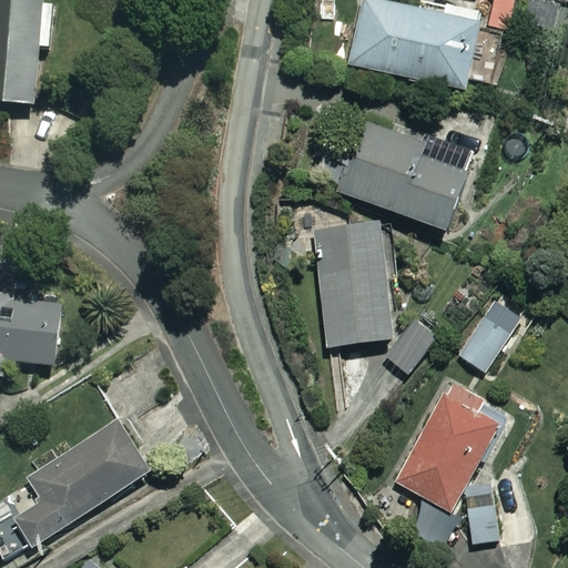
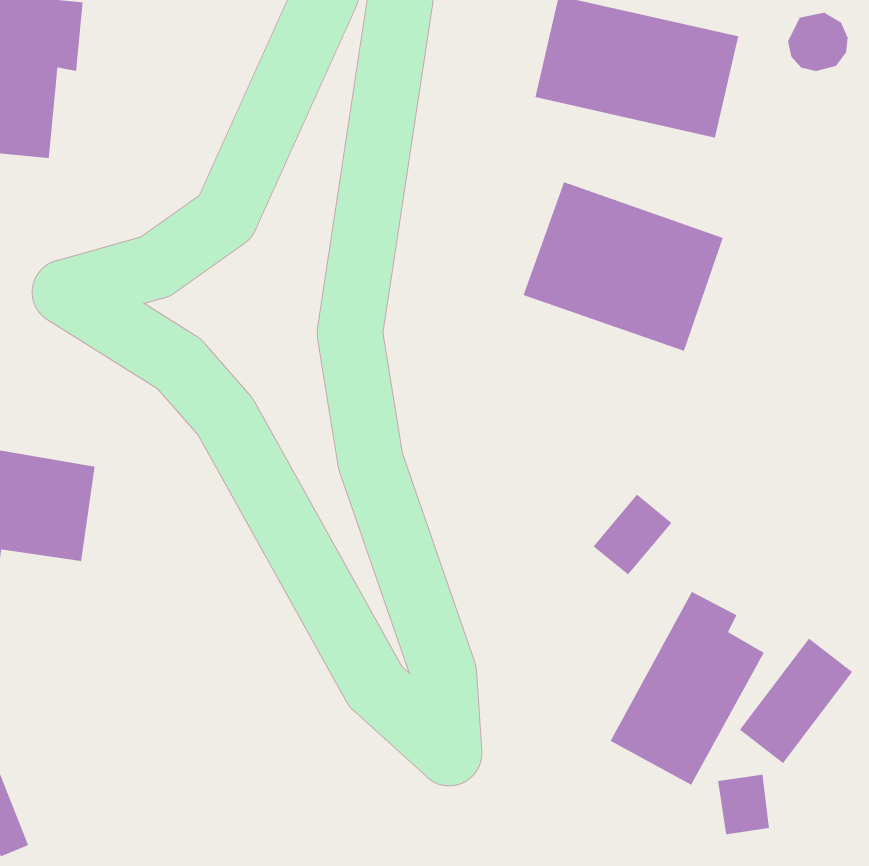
building: [314,220,392,345] -> none
building: [454,288,528,371] -> [739,638,853,764]
building: [13,422,148,545] -> none

